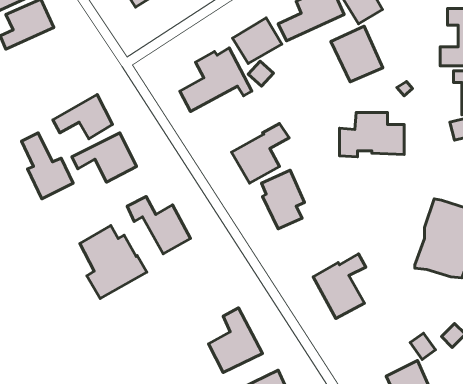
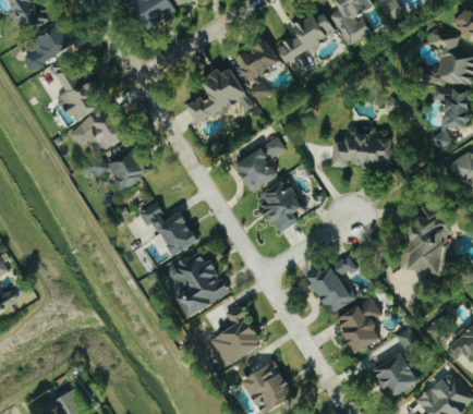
building: [331,26,383,82] -> none
building: [21,133,73,199] -> [53,62,100,122]
building: [80,225,147,299] -> [169,249,230,316]
building: none -> [335,297,380,353]

